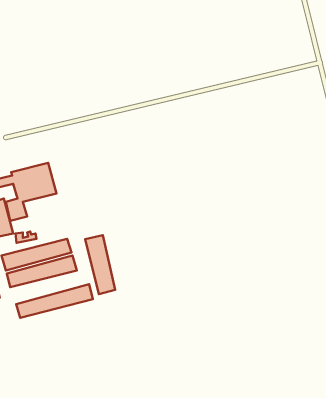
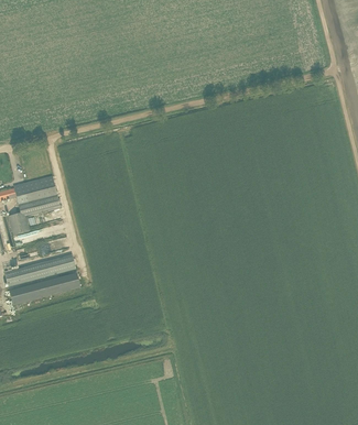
building: [85,235,115,294] -> none
building: [16,284,93,318] -> none

